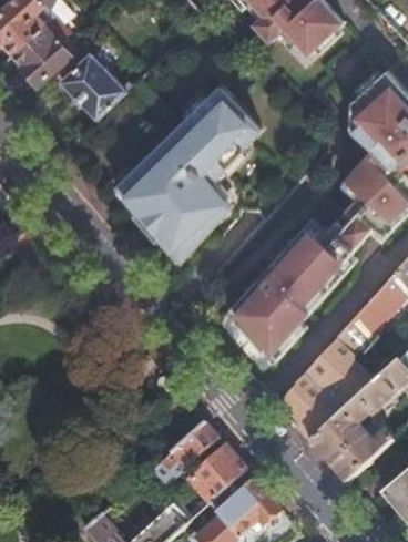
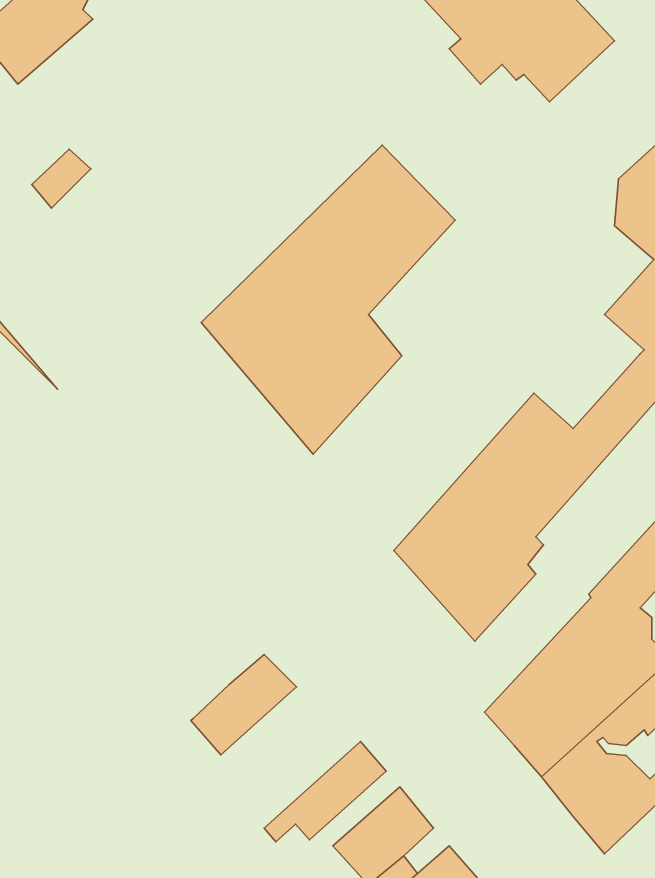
building: [12,14,69,82] -> none
building: [63,50,131,113] -> none
building: none -> [191,655,296,755]

